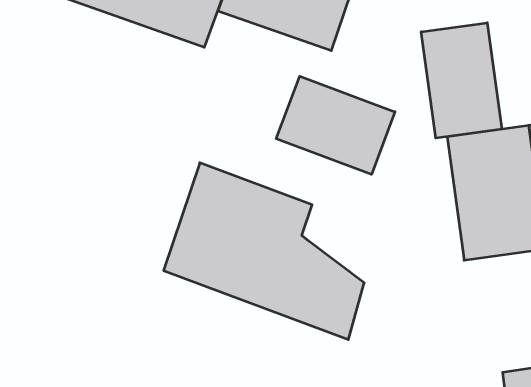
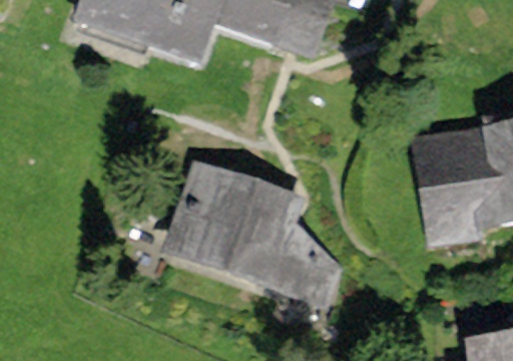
building: [421,23,502,138] -> none
building: [276,76,395,174] -> none

